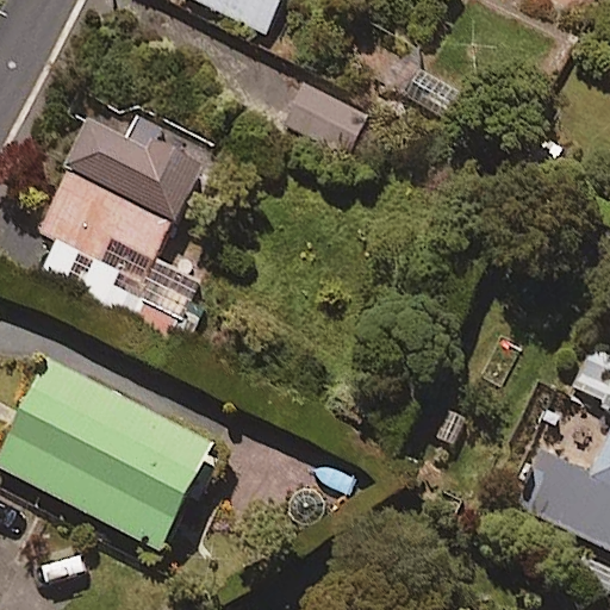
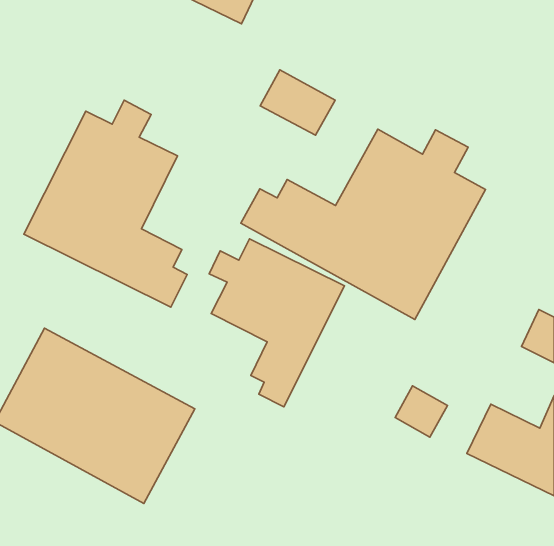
building: none -> [241,129,485,319]
building: none -> [209,239,345,407]

